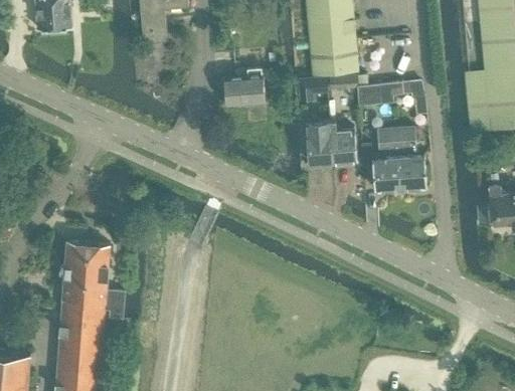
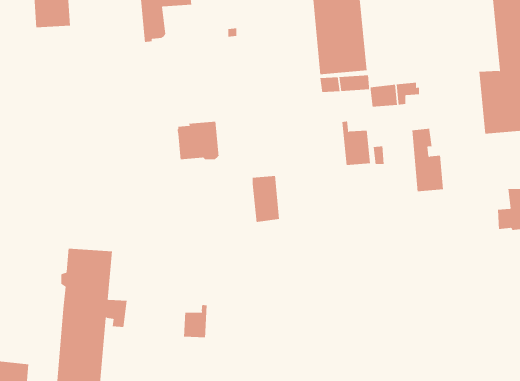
building: [223,66,265,104] -> [177,121,219,160]
building: [308,121,335,166] -> [252,175,280,222]
building: [374,129,403,190] -> none
building: none -> [183,304,207,338]

